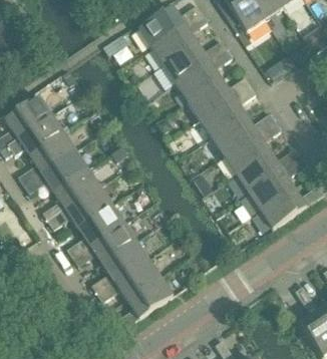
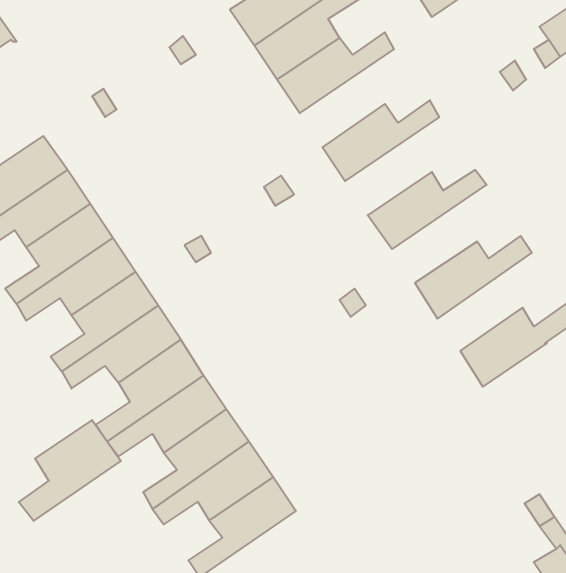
building: [175,48,231,100] -> none
building: [199,84,255,136] -> none
building: [224,120,280,172] -> none
building: [248,156,304,209] -> none
building: none -> [19,420,121,521]

